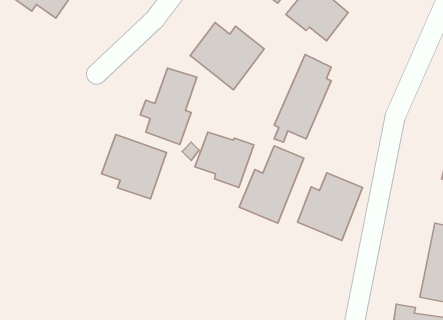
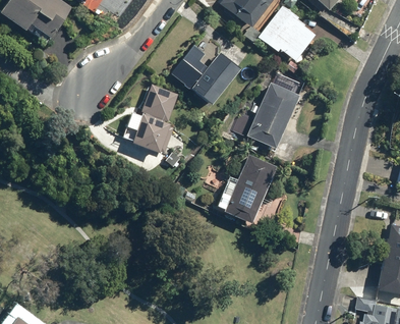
building: [195,132,254,188] -> none
building: [102,134,167,199] -> none
building: [298,173,363,241] -> none

